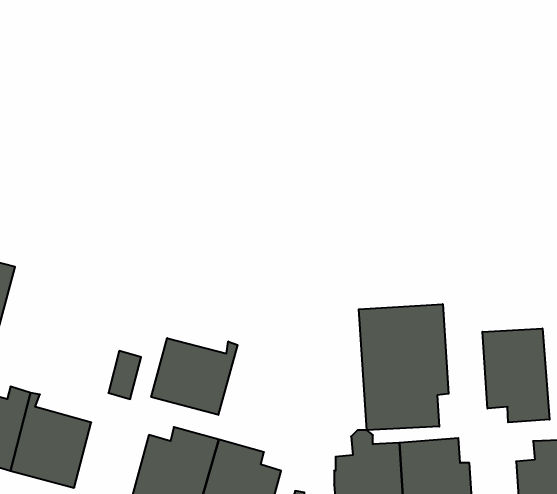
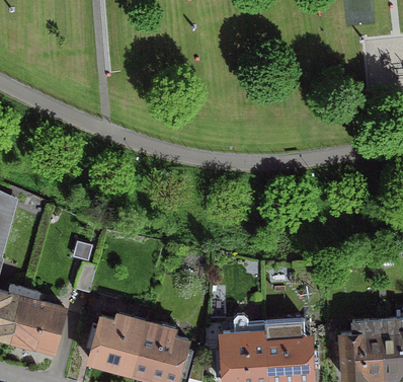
building: [359,304,449,430] -> none
building: [482,328,550,422] -> none
building: [151,338,238,415] -> none

